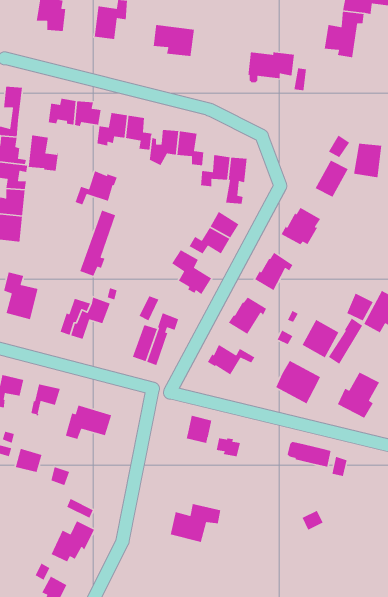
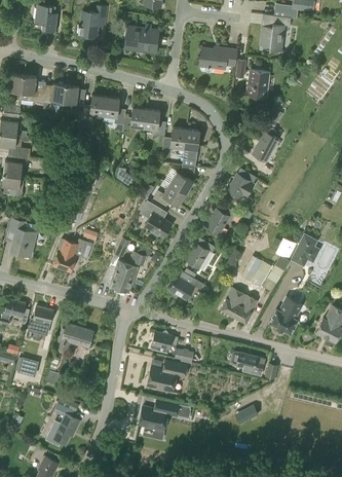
building: [28,134,59,171] -> [21,75,45,104]
building: [353,143,382,178] -> [246,70,269,98]
building: [75,170,118,205] -> none
building: none -> [147,361,187,392]

